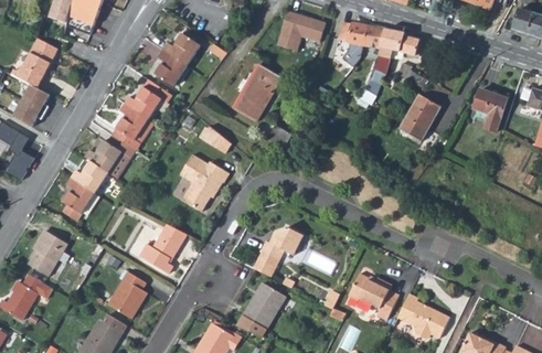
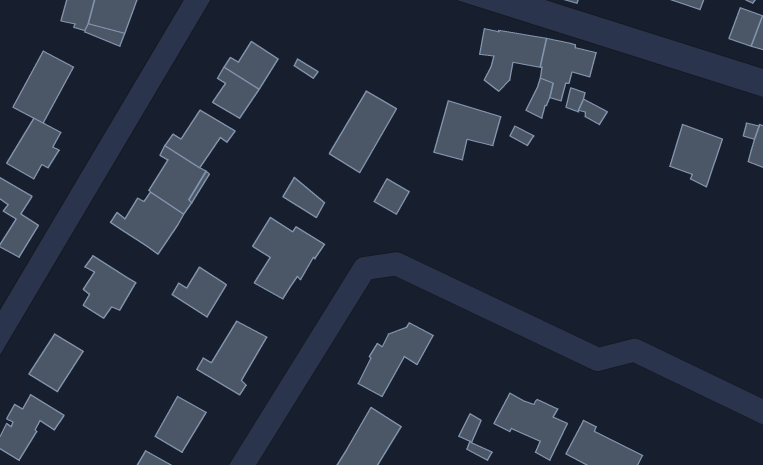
building: [276,11,322,52] -> [434,101,501,160]
building: [400,95,439,141] -> none
building: [71,160,108,194] -> [172,267,226,317]

